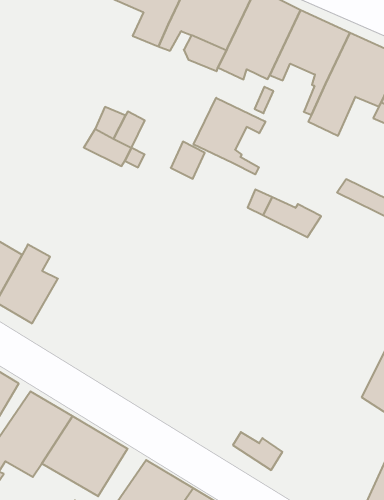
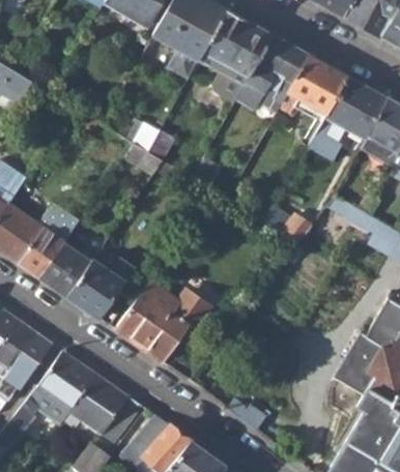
building: [194,98,265,174] -> none
building: none -> [68,260,126,319]
building: none -> [115,283,207,362]

